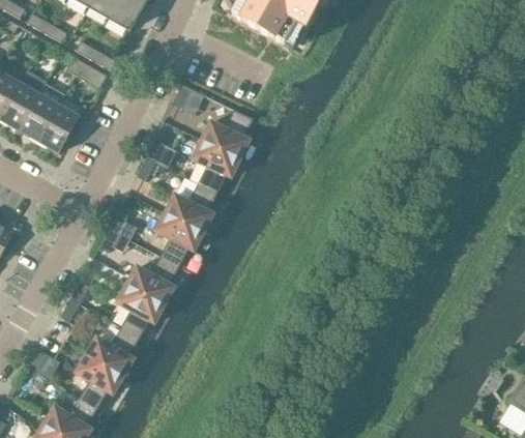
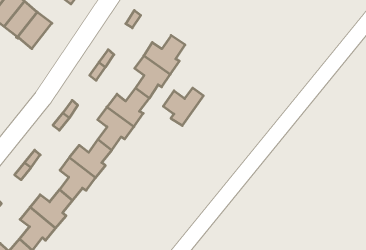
building: none -> [163,88,203,126]

